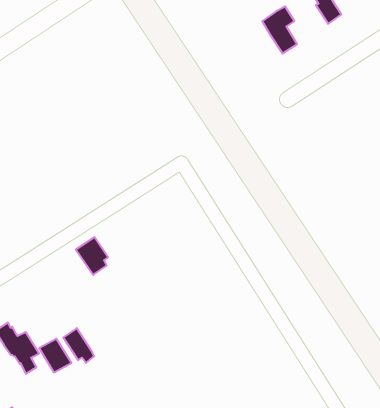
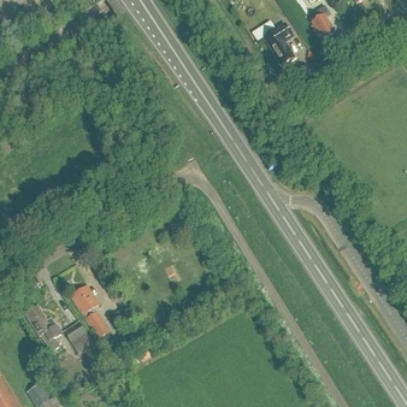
building: [76,237,108,275] -> [70,285,99,319]

